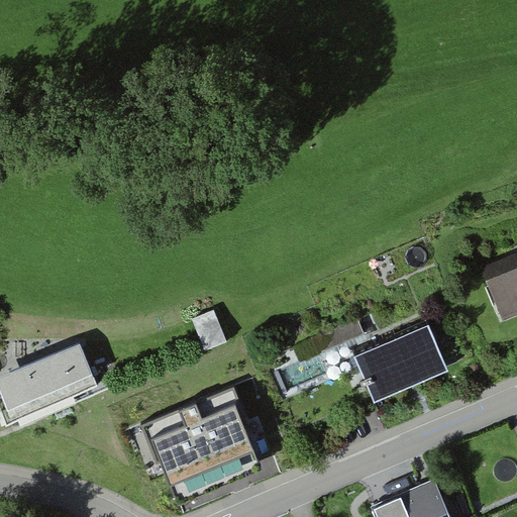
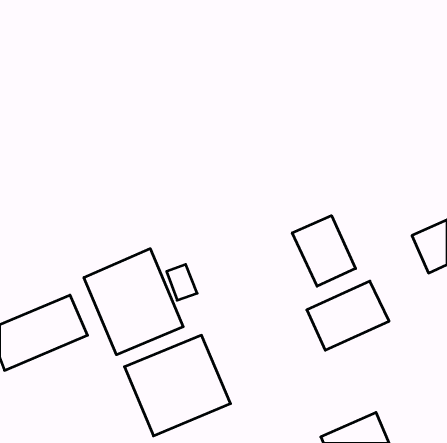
building: none -> [292,216,356,286]
building: none -> [84,249,183,355]

